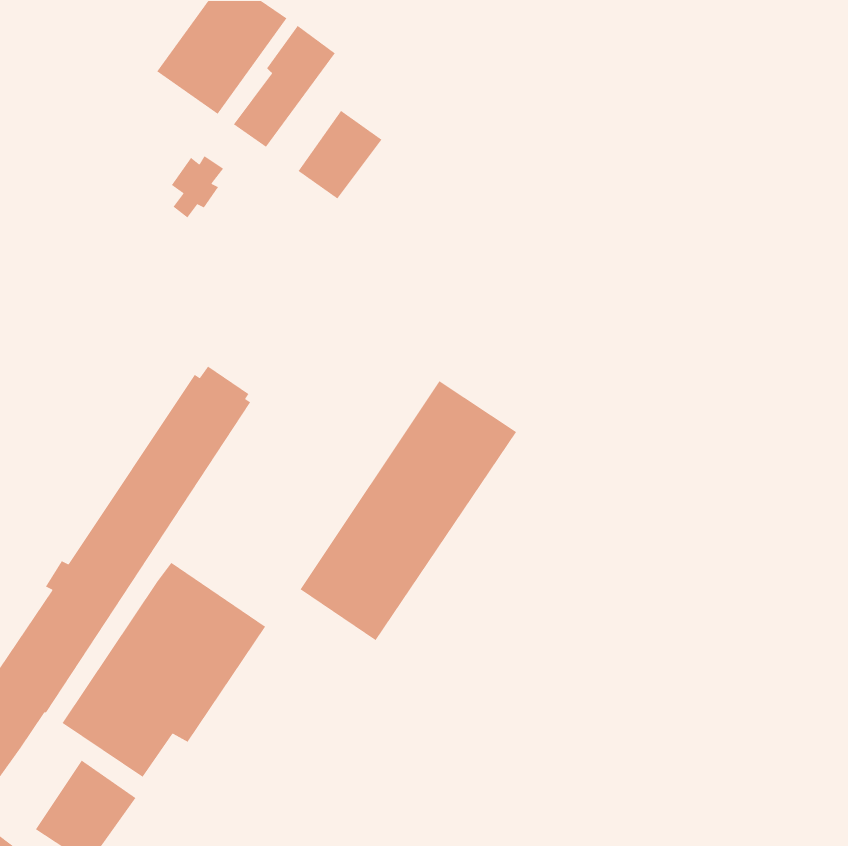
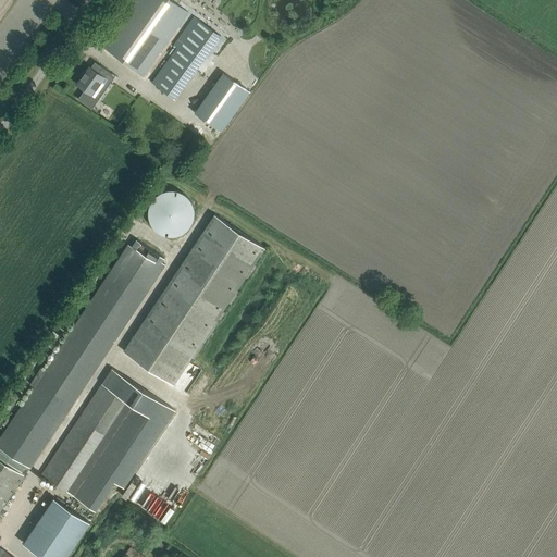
building: [171,155,224,218] -> [76,66,111,108]
building: none -> [145,188,196,240]
building: [299,380,517,641] -> [123,215,265,386]

